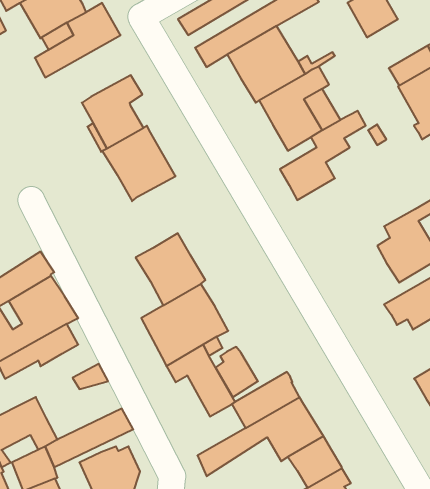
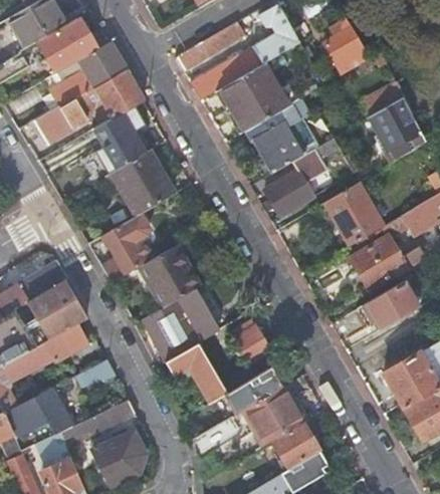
building: none -> [28,71,144,145]
building: none -> [323,181,384,244]
building: none -> [100,213,154,283]
building: [216,347,258,397] -> [234,320,271,364]

